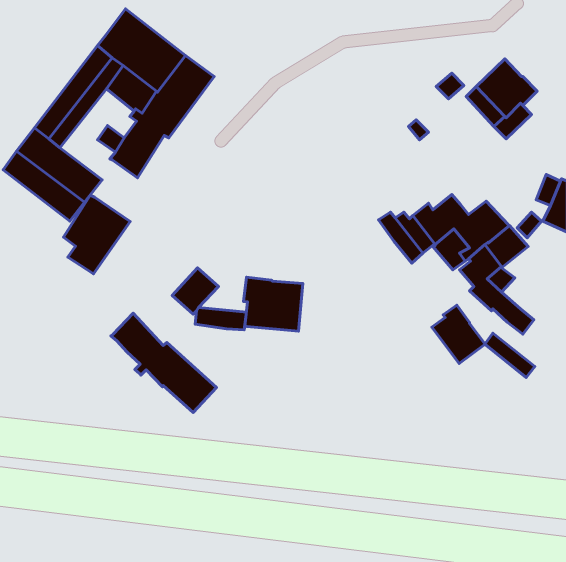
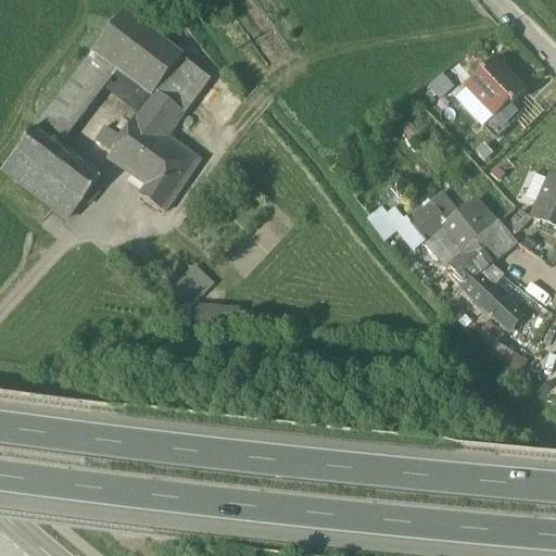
building: [63,195,130,274] -> [136,132,201,210]
building: [244,277,303,331] -> none
building: [432,305,485,364] -> none
building: [111,313,216,412] -> none

